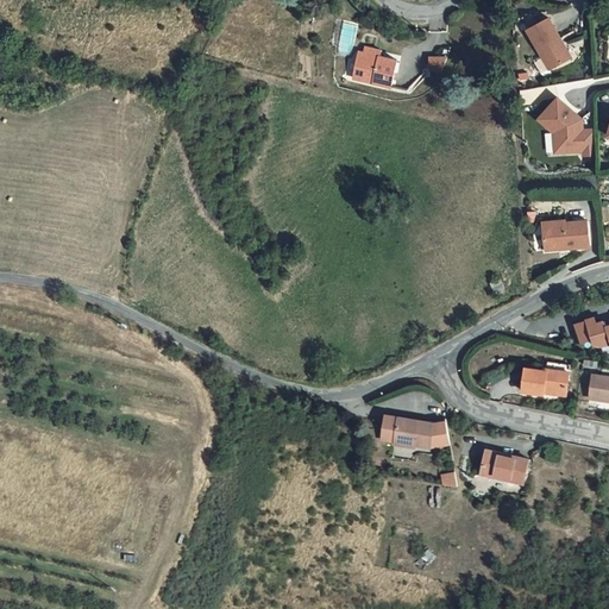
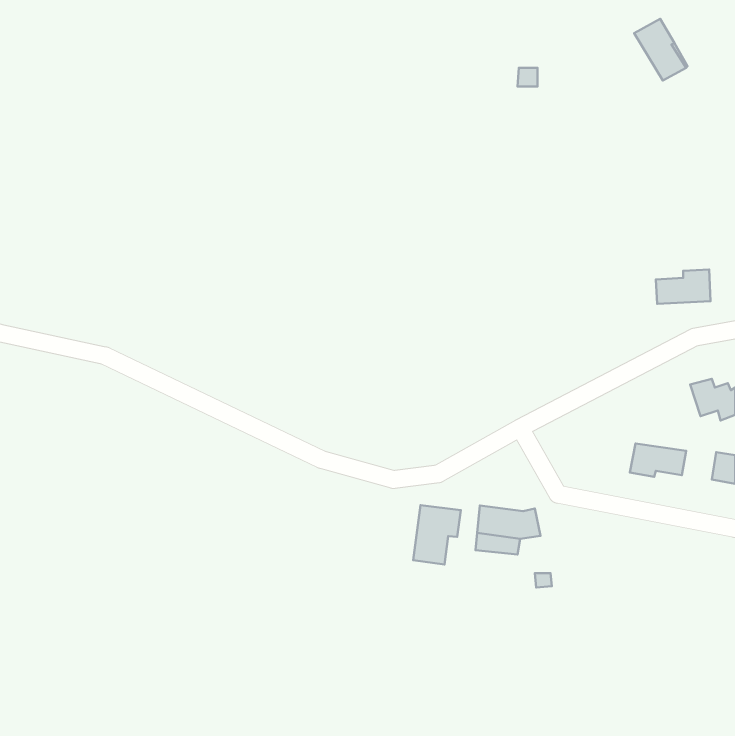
building: [352,51,395,87] -> none
building: [535,94,580,149] -> none
building: none -> [413,505,461,564]
building: [481,452,527,482] -> none

